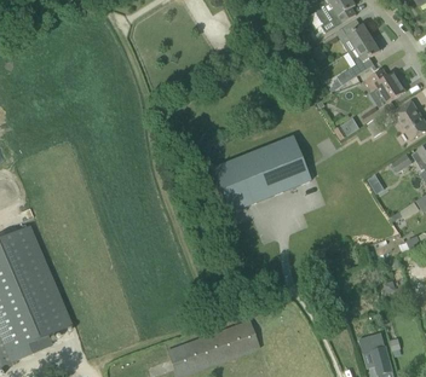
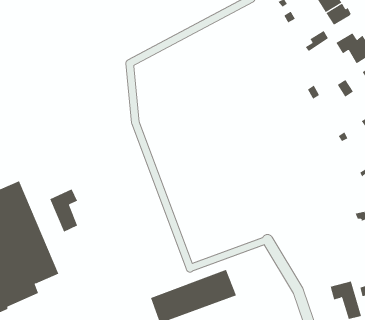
building: [211,135,310,213] -> none
building: none -> [50,189,78,232]

